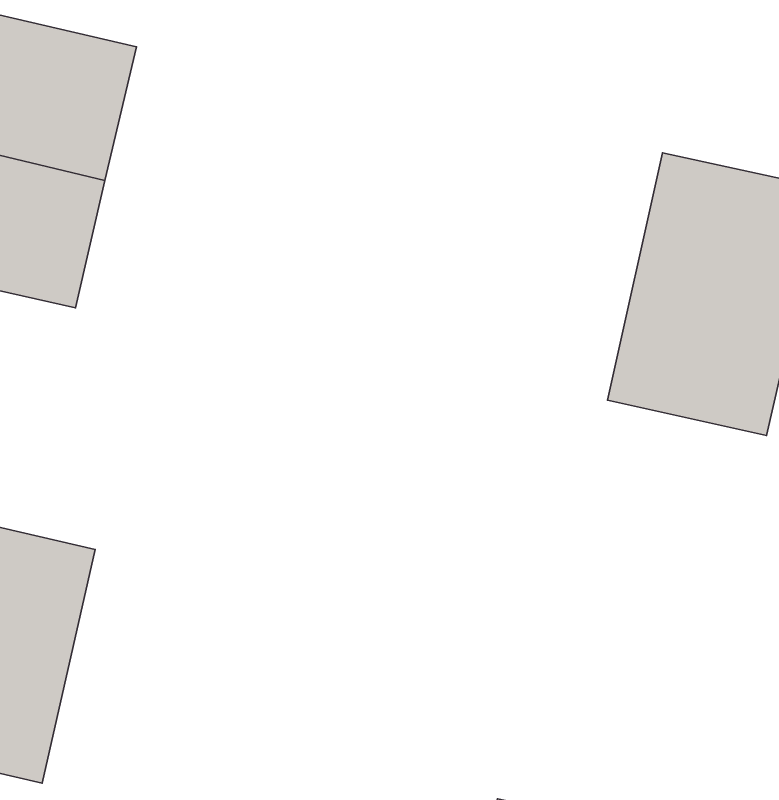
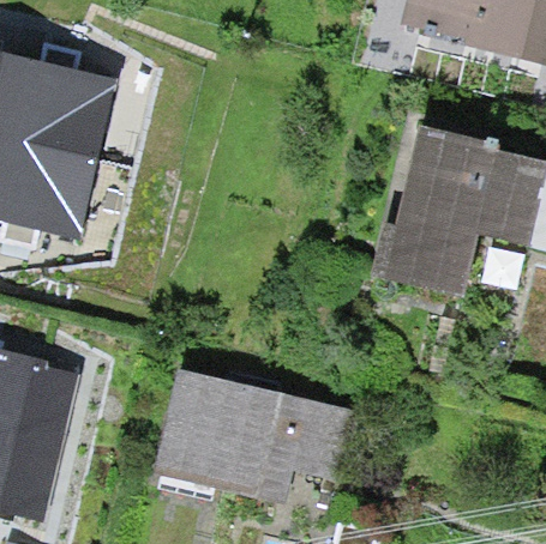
building: none -> [155,374,347,509]

